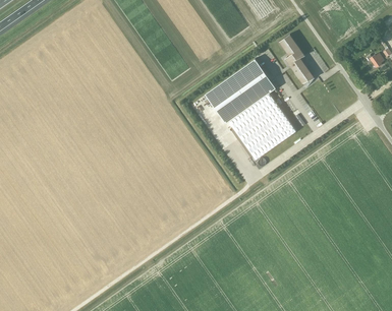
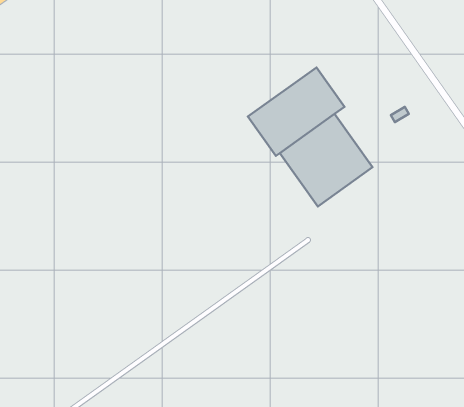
building: [280,33,315,82] -> none

